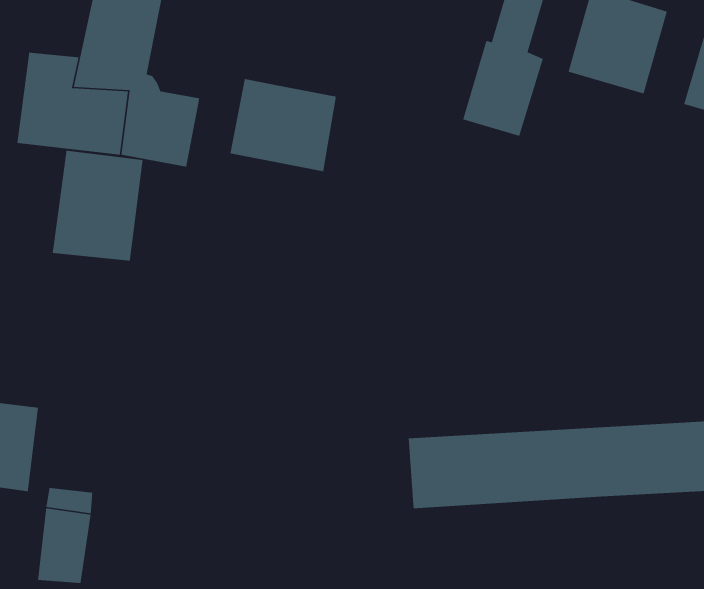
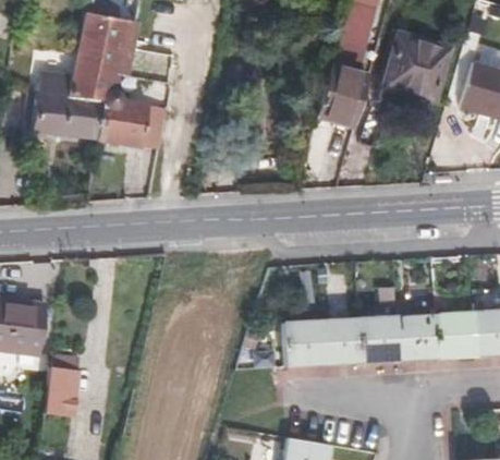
building: [229,78,337,172] -> none
building: [52,150,144,262] -> none

